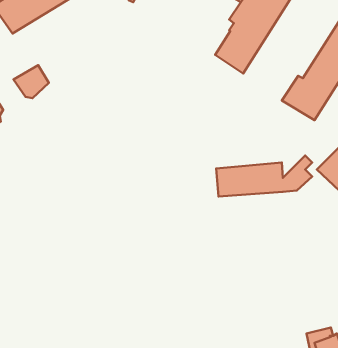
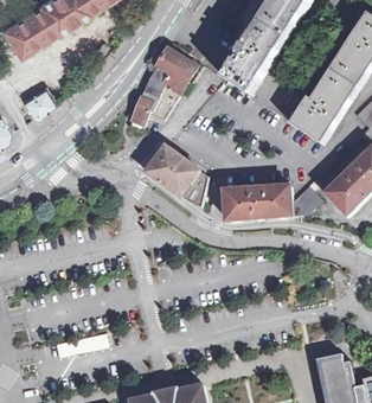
building: none -> [126,45,193,130]
building: none -> [145,146,206,205]

